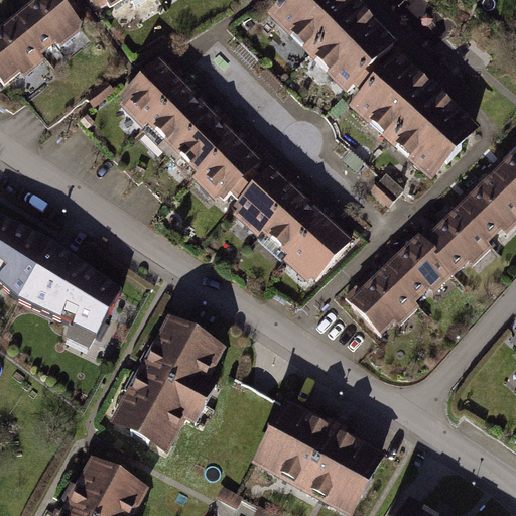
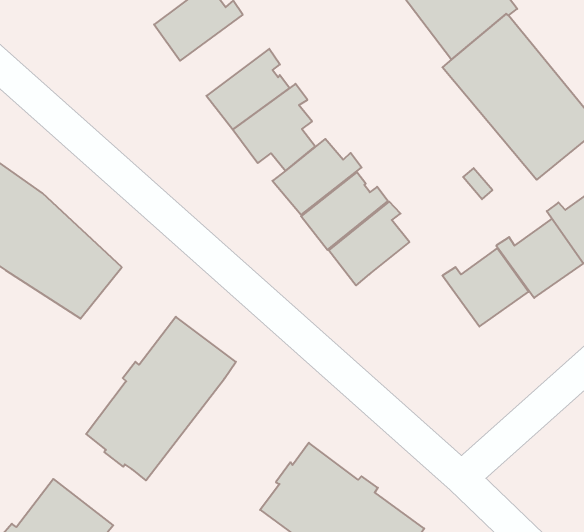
building: [146,83,210,149] -> none
building: [339,267,407,331] -> none

